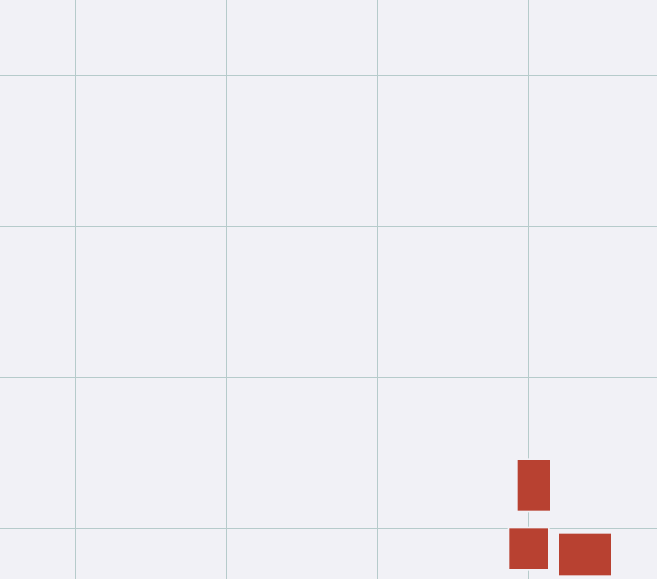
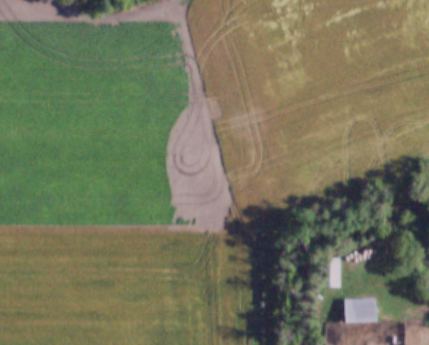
building: [508,527,549,570] -> none

